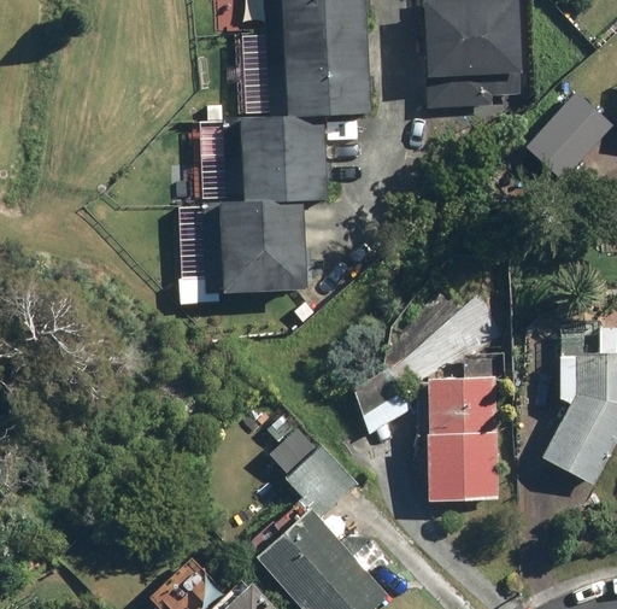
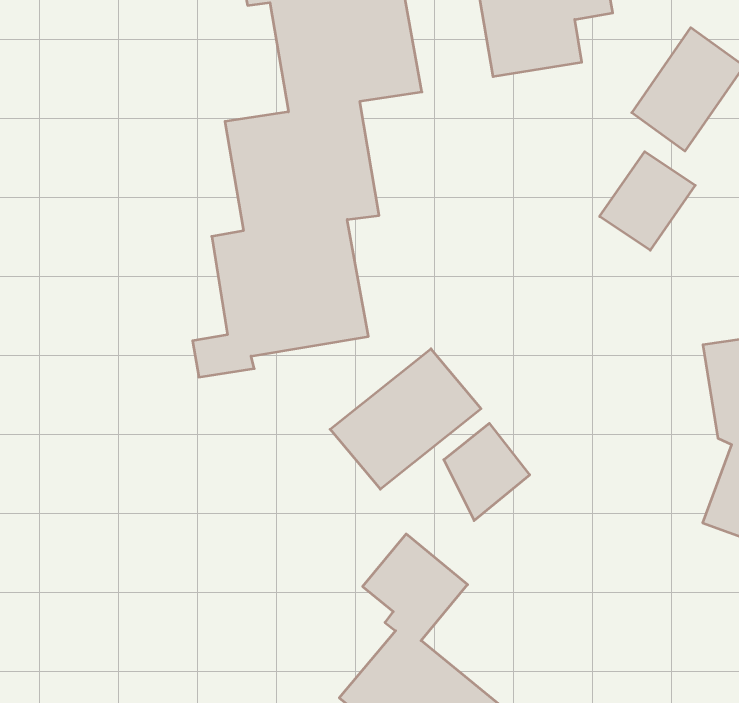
building: none -> [600,152,695,250]
building: none -> [330,349,481,489]
building: [424,352,511,503] -> none

